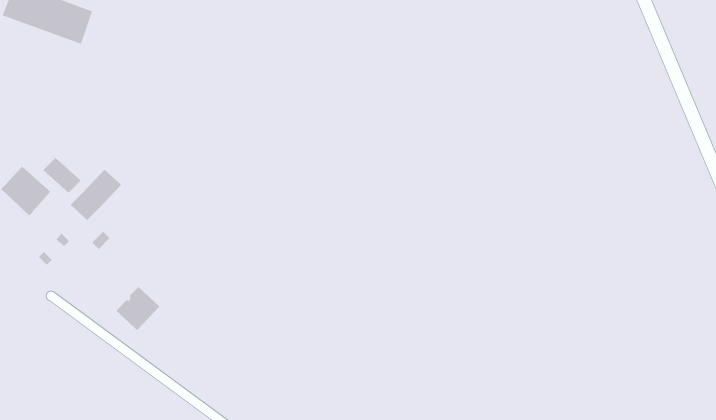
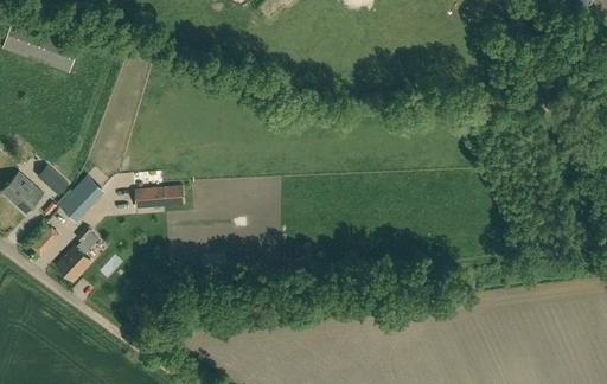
building: none -> [136,185,185,206]
building: [115,286,160,331] -> [56,244,92,281]

